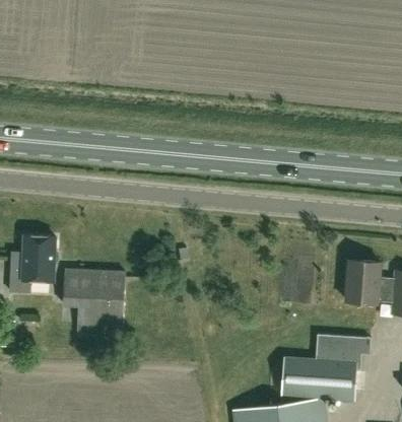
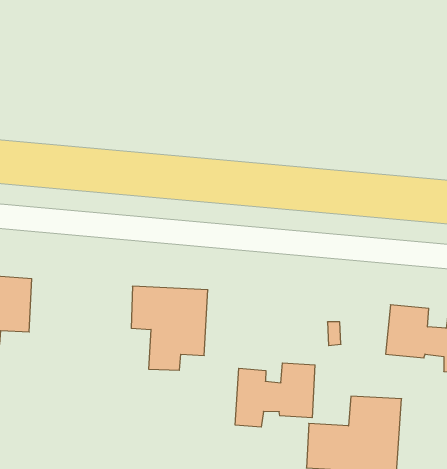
building: [63,270,126,339] -> [131,286,208,370]
building: none -> [235,363,315,427]

